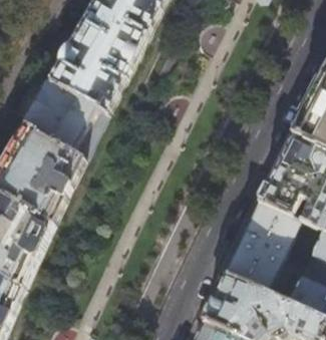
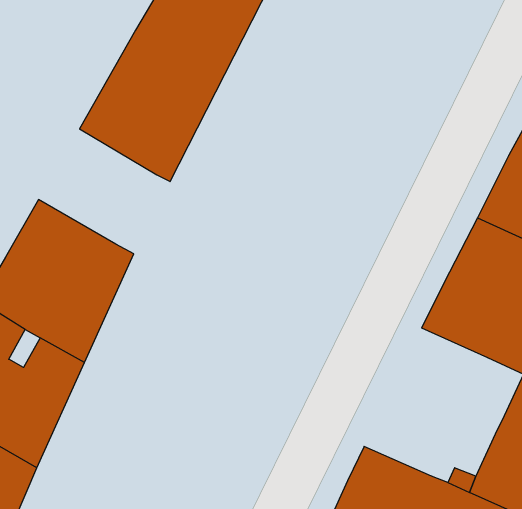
building: [24,82,104,158] -> none
building: [223,204,298,294] -> none

